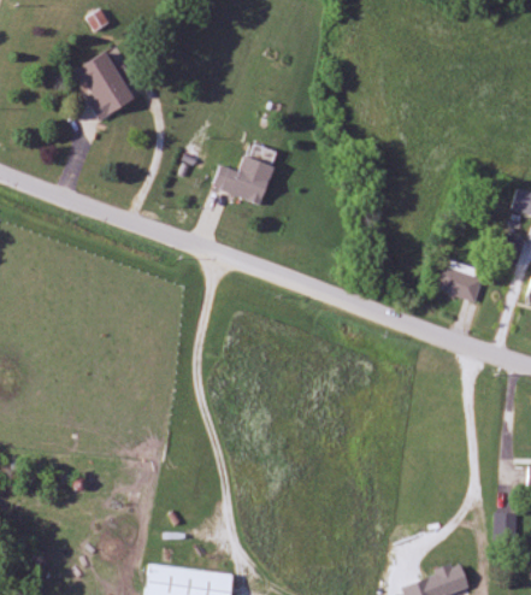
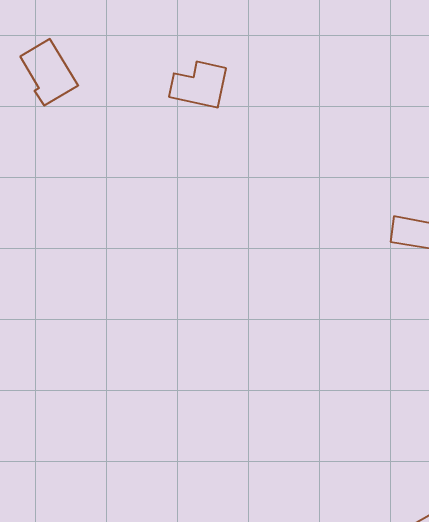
building: [213,155,273,204] -> [169,62,226,107]

